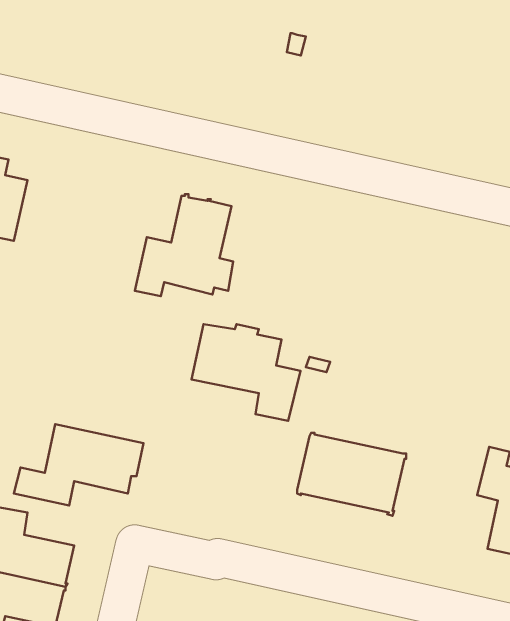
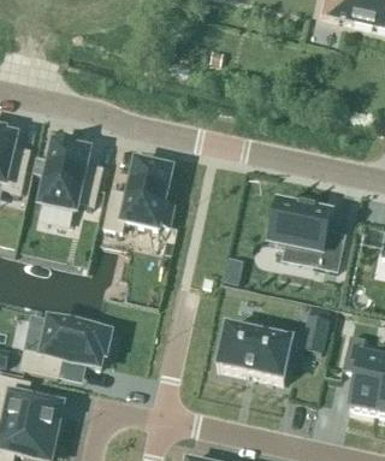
building: none -> [40,140,102,208]
building: [192,324,300,421] -> [268,201,344,268]

